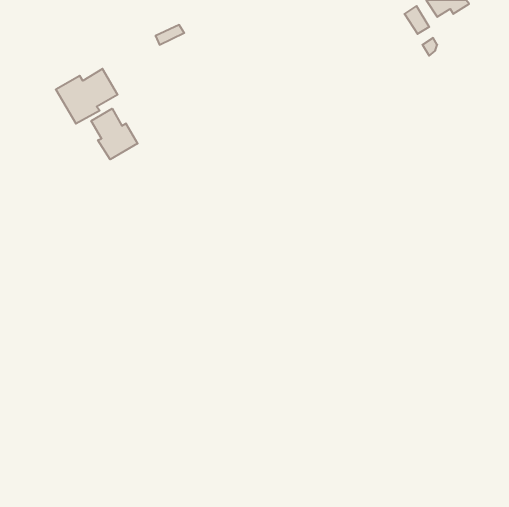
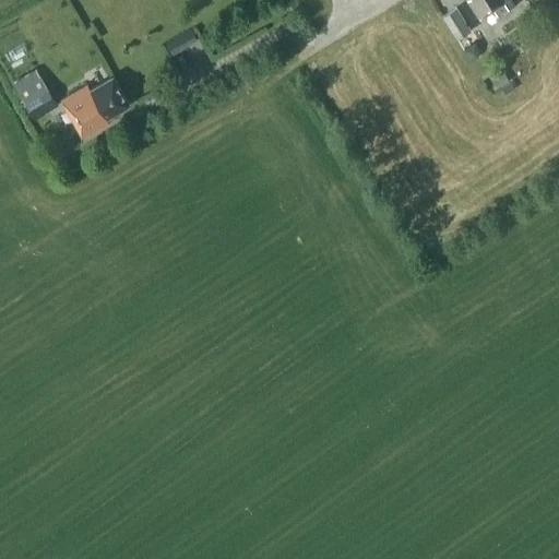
building: none -> [15,74,58,120]
building: [91,109,138,159] -> none

